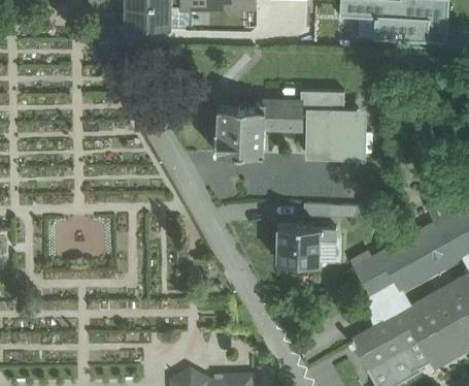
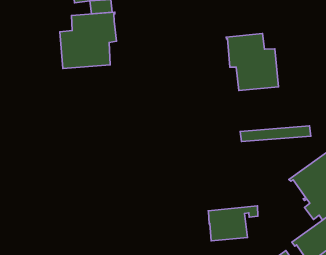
building: none -> [60,12,116,68]
building: [214,101,301,155] -> none
building: [276,226,336,263] -> [208,206,258,241]

